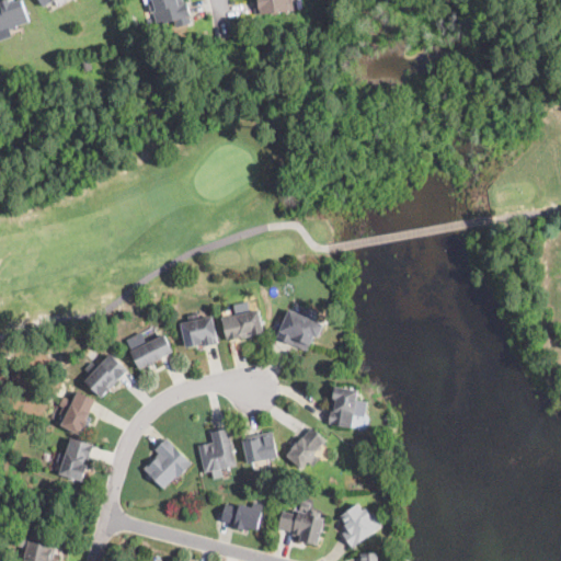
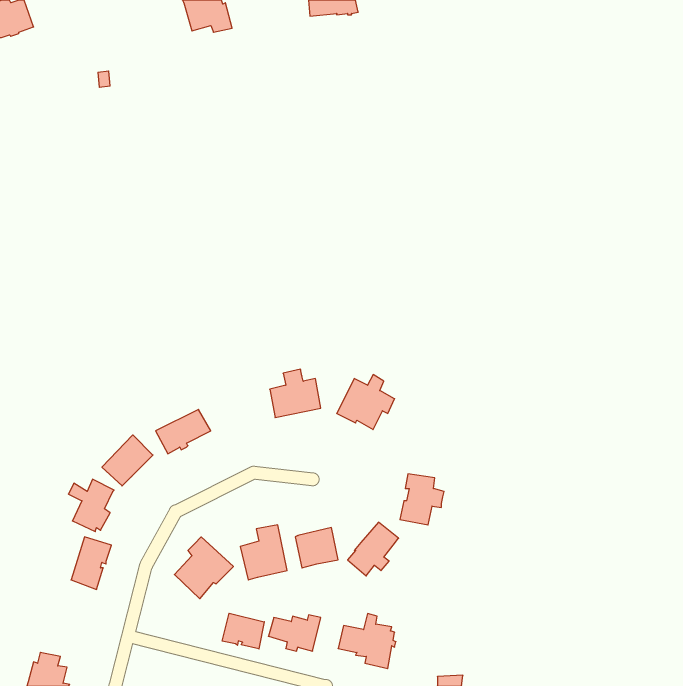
building: [179,311,217,346] -> none
building: none -> [222,613,264,649]
building: [340,503,381,547] -> none

